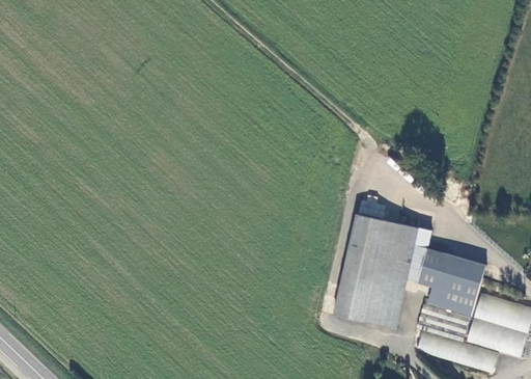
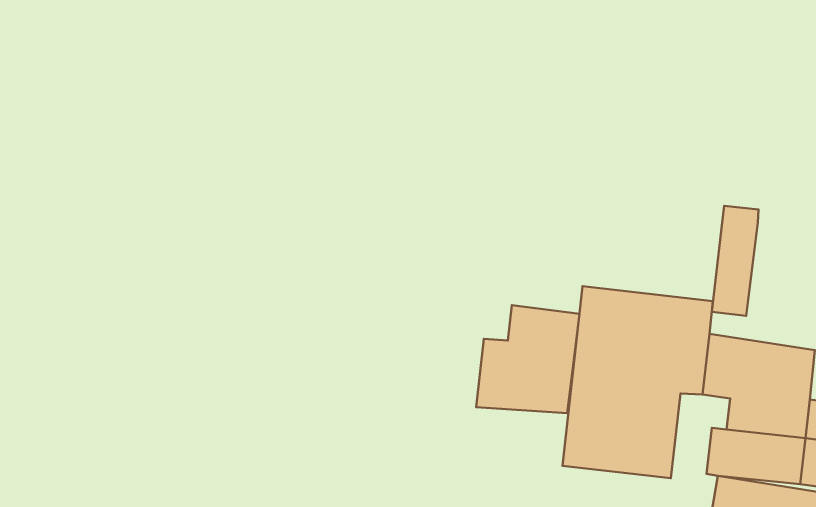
building: none -> [712,206,759,316]
building: none -> [476,305,579,413]

